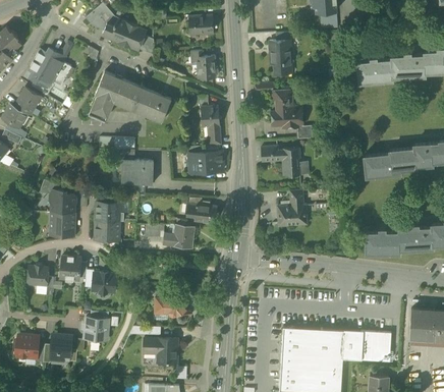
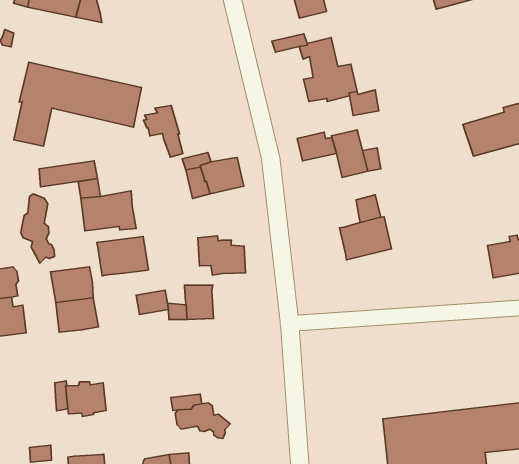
building: [197,57,218,78] -> none
building: [200,108,220,139] -> [144,105,183,157]
building: none -> [21,194,54,263]
building: none -> [97,236,148,276]
building: [60,257,81,281] -> none

